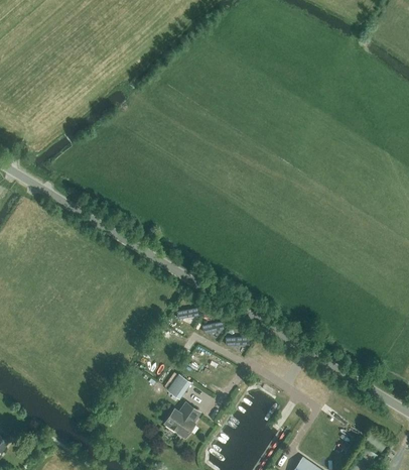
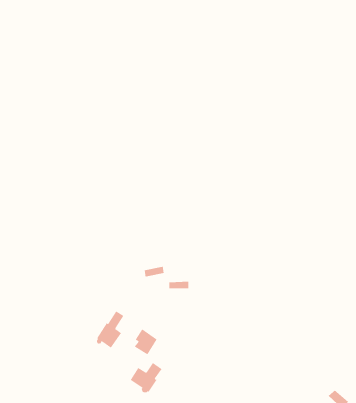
building: none -> [96,311,124,348]

